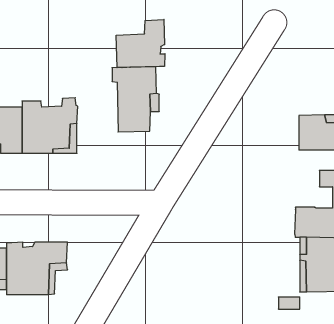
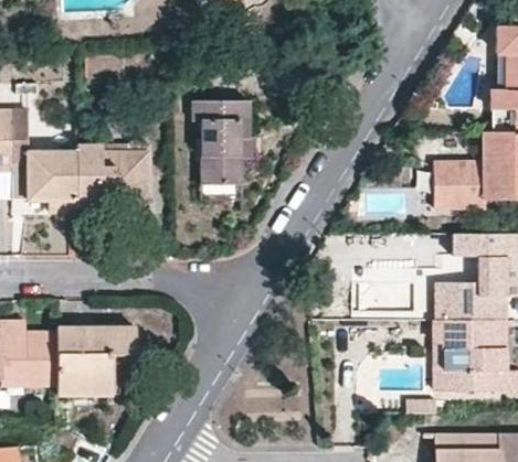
building: [116,19,165,68] -> none

